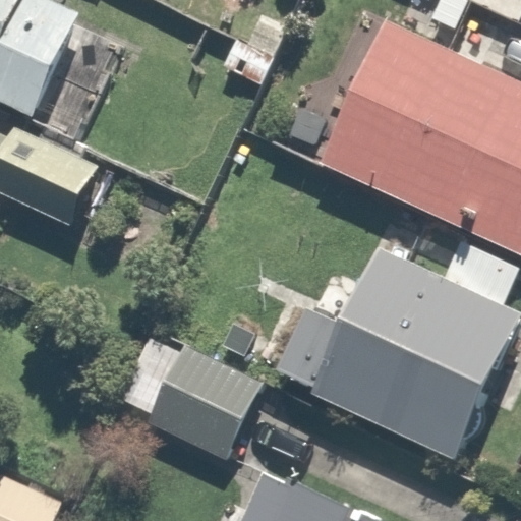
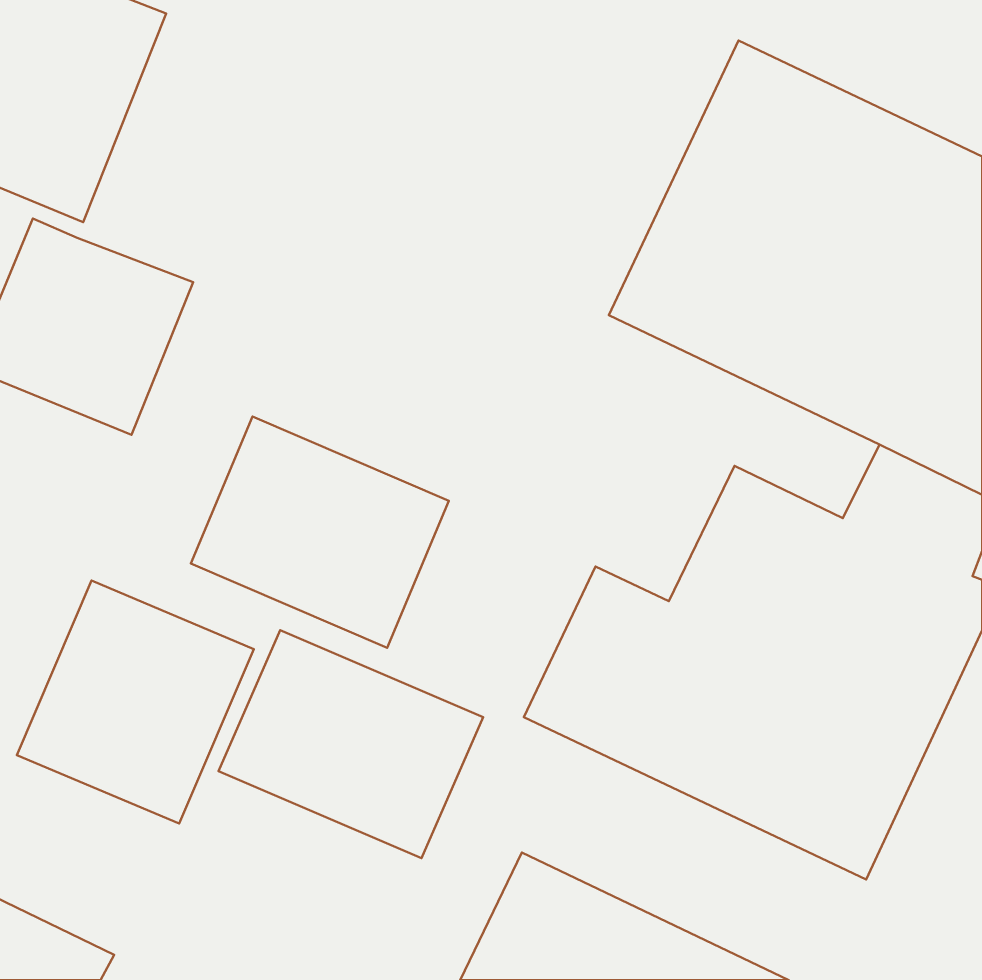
building: none -> [191,416,449,648]
building: none -> [17,581,254,824]

